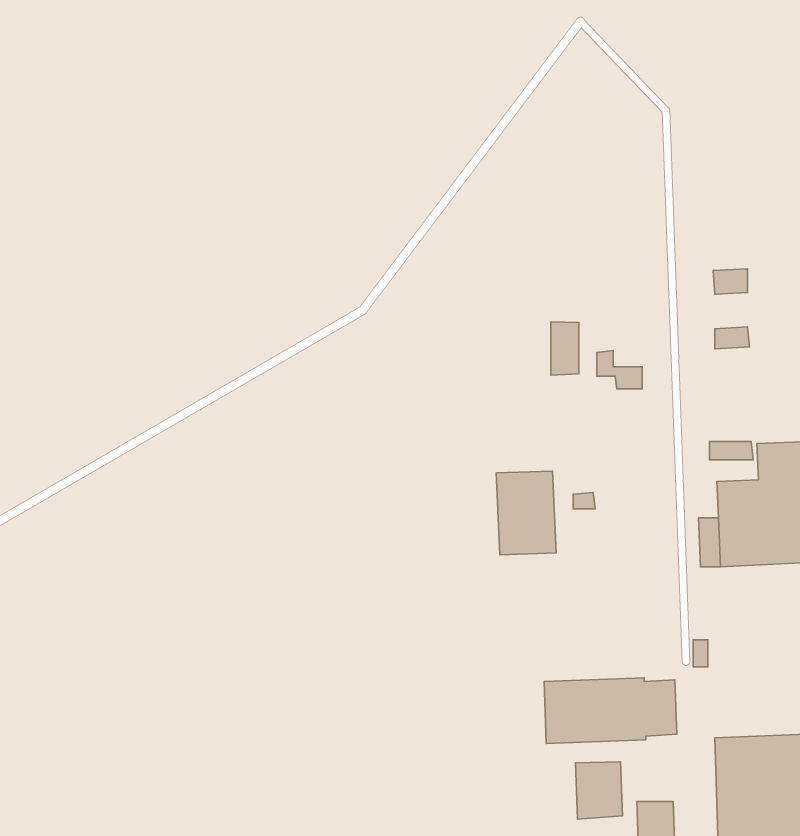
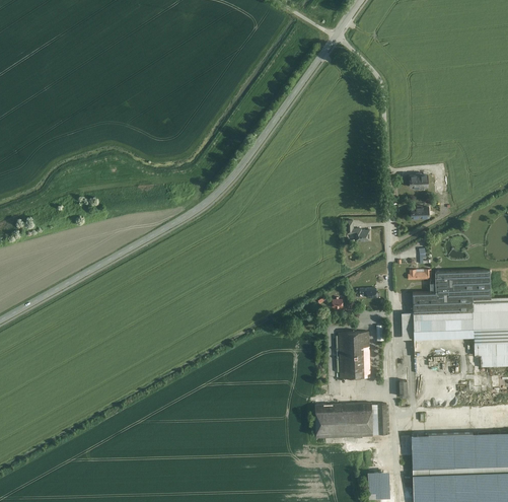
building: [551,322,579,375] -> none
building: [496,471,556,555] -> [339,333,372,379]
building: [575,762,623,819] -> none

